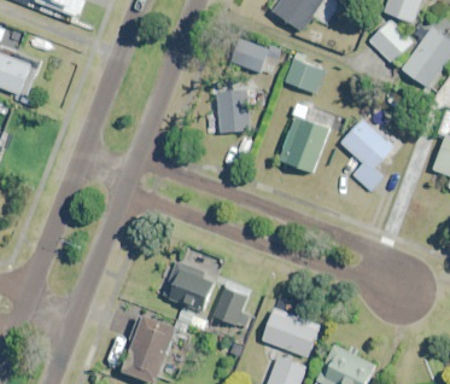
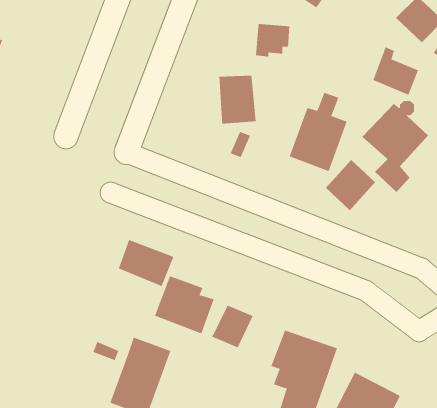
building: [285,52,325,94] -> [373,46,419,95]
building: none -> [325,159,376,211]
building: none -> [118,239,174,287]

